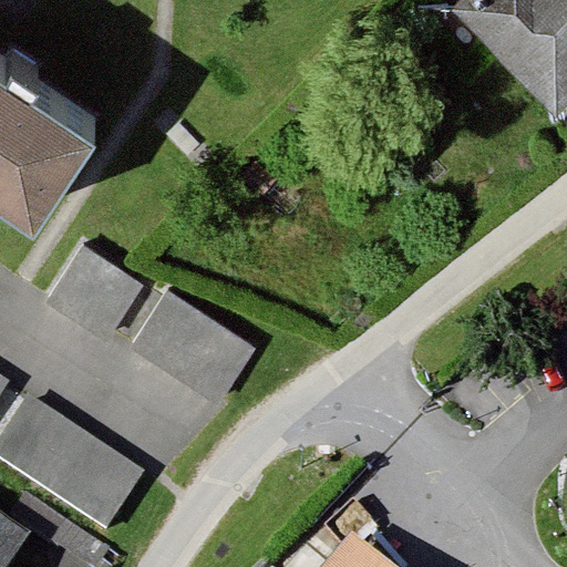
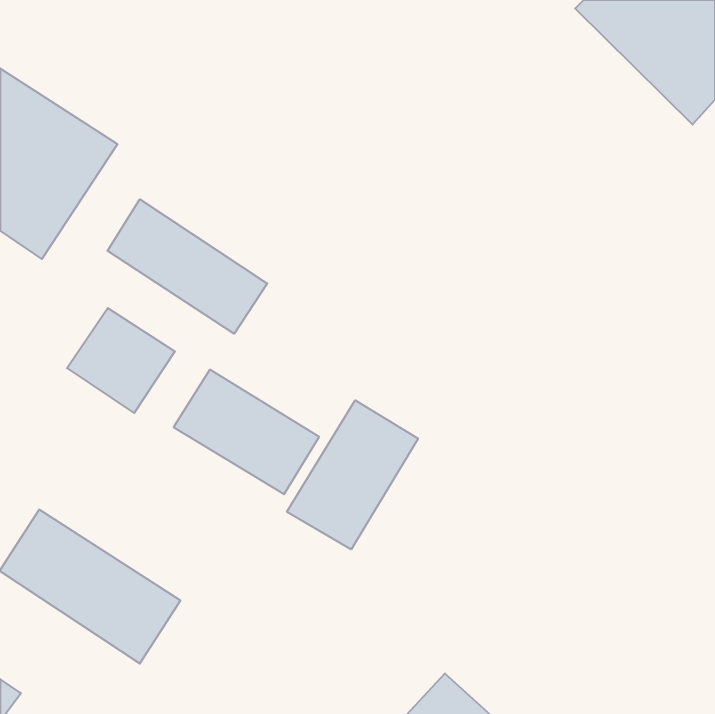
building: none -> [108,199,267,334]
building: none -> [287,400,418,549]

